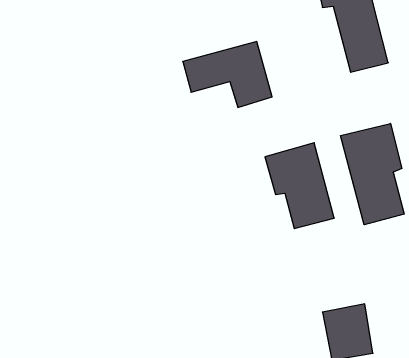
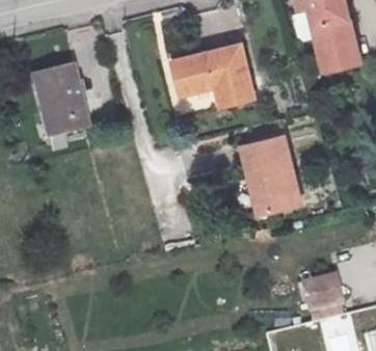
building: none -> [32,74,82,142]
building: [341,123,404,225] -> none

